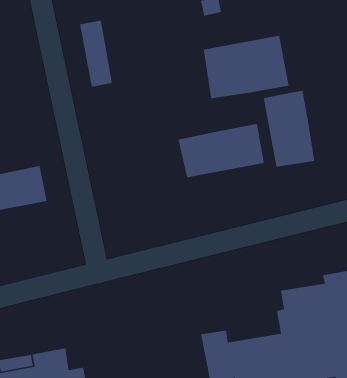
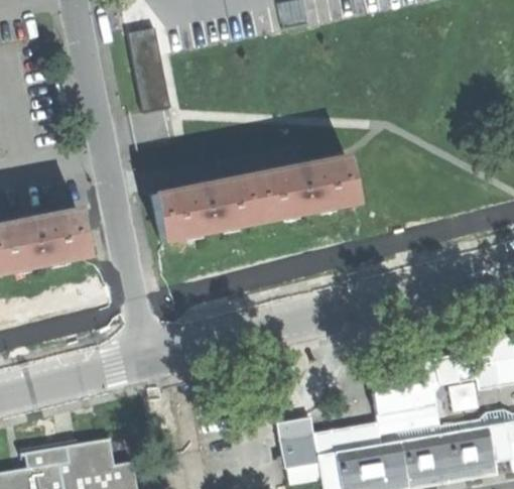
building: [203,35,290,99] -> none
building: [263,90,315,167] -> none
building: none -> [153,177,261,245]

